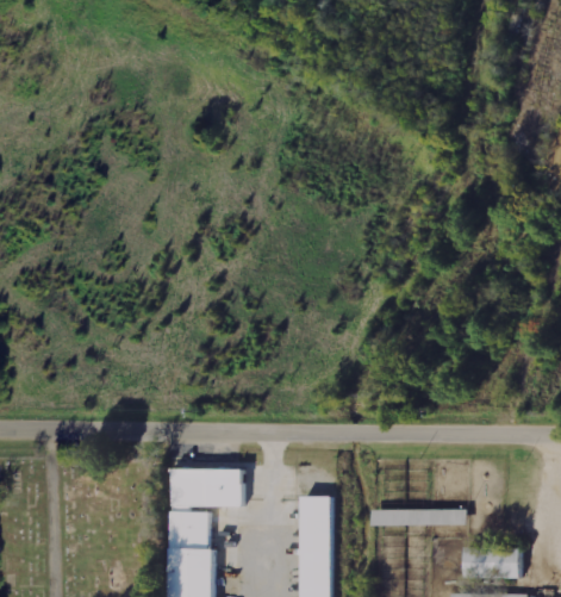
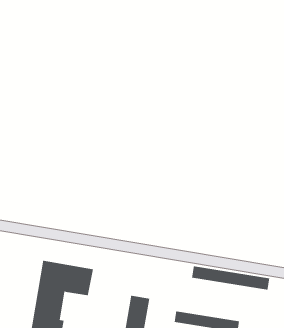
building: none -> [191,265,270,291]

